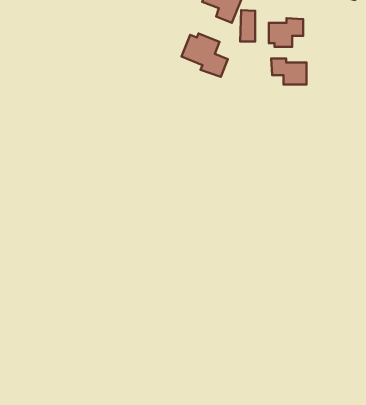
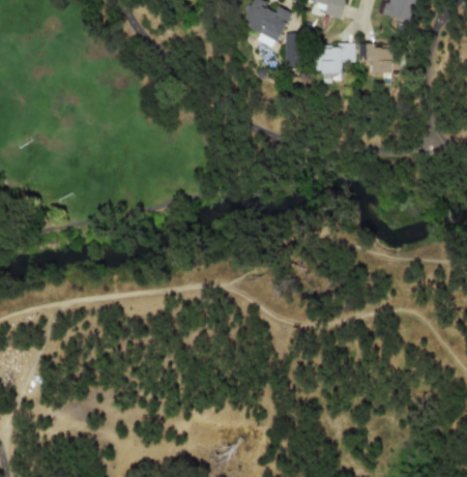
building: [182,34,228,77] -> none
building: [271,59,307,85] -> [359,43,399,72]

